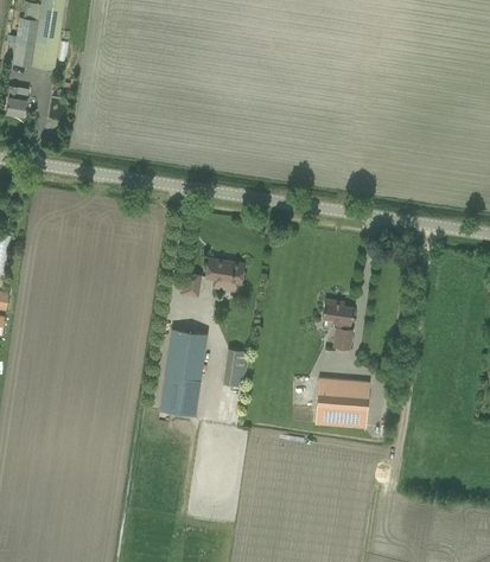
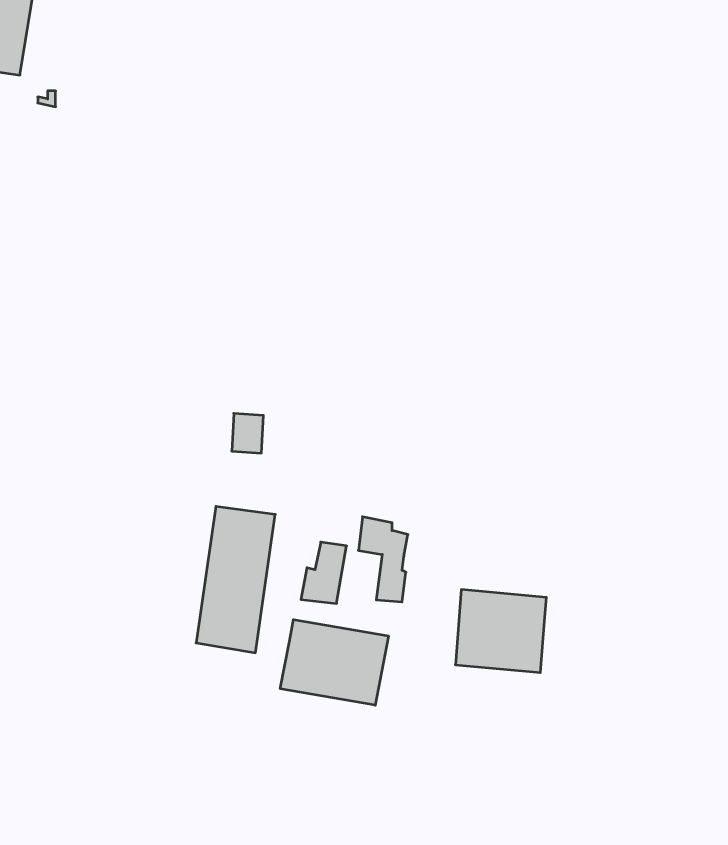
building: [205,258,243,285] -> none
building: [323,298,352,349] -> [358,517,408,602]
building: none -> [280,620,388,705]

